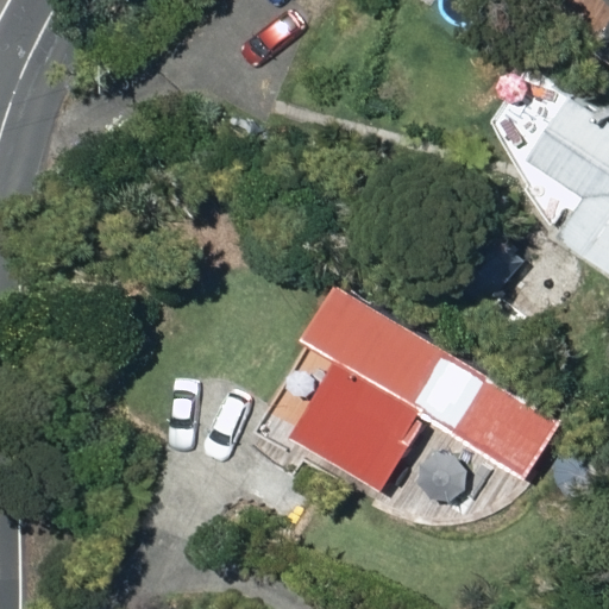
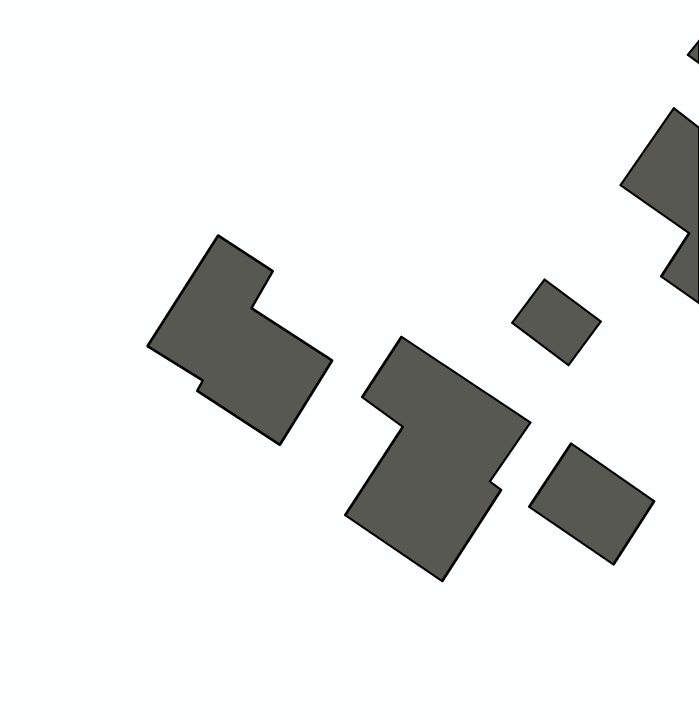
building: none -> [147,235,332,445]

